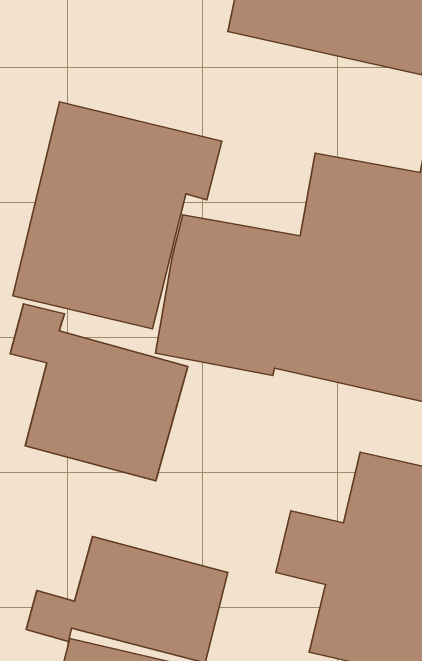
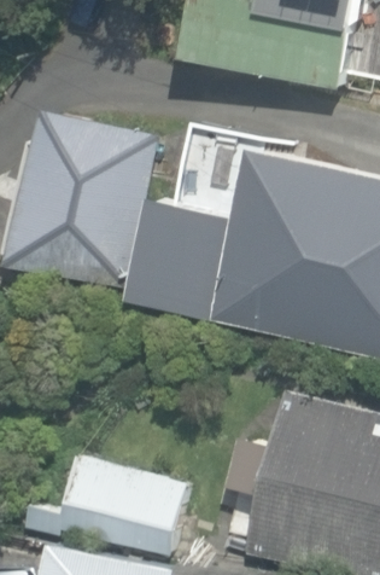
building: [10,304,188,481] -> none

